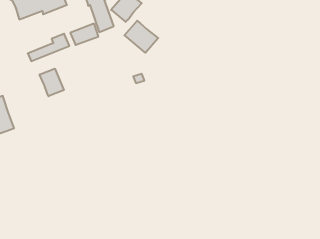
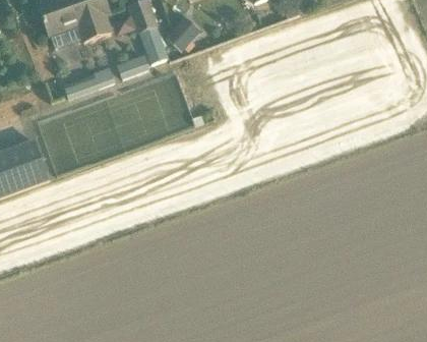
building: [124,21,158,53] -> none
building: [40,69,64,96] -> none

